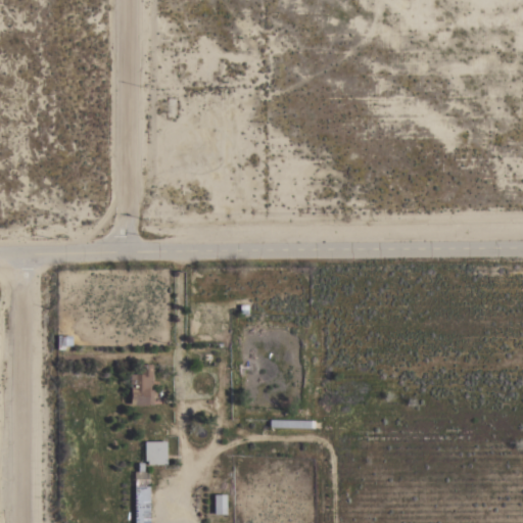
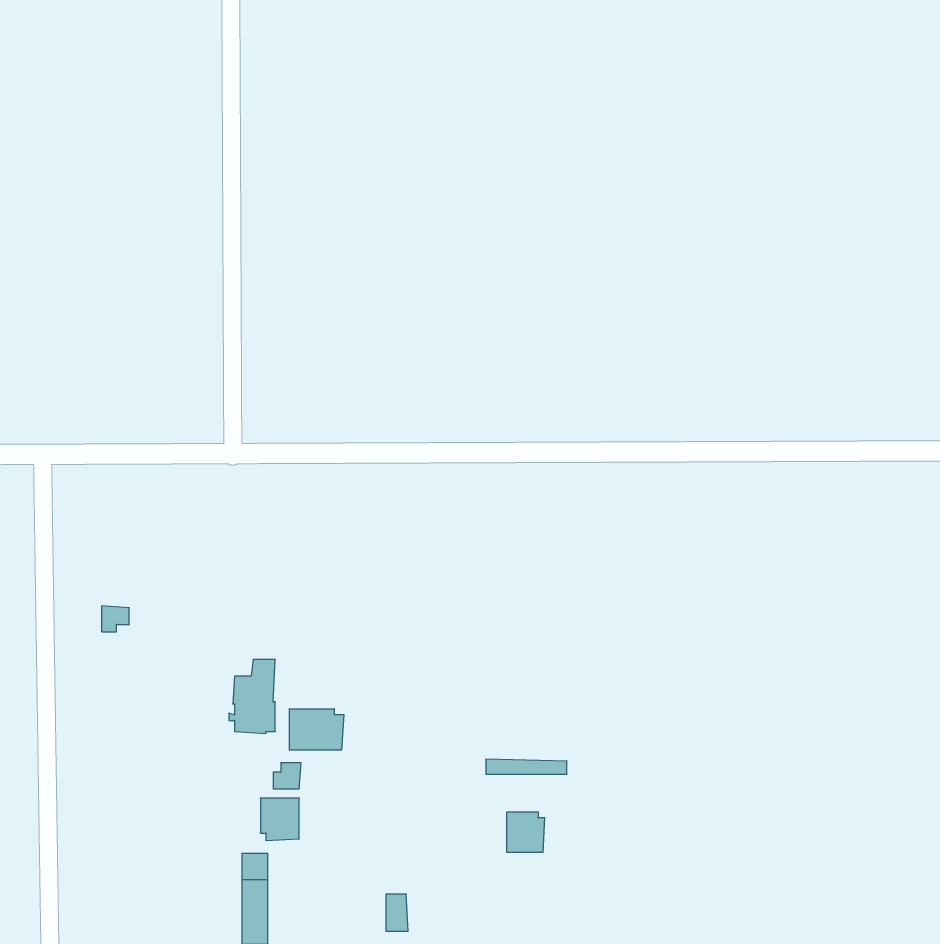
building: none -> [289,709,344,750]
building: none -> [507,812,545,852]

